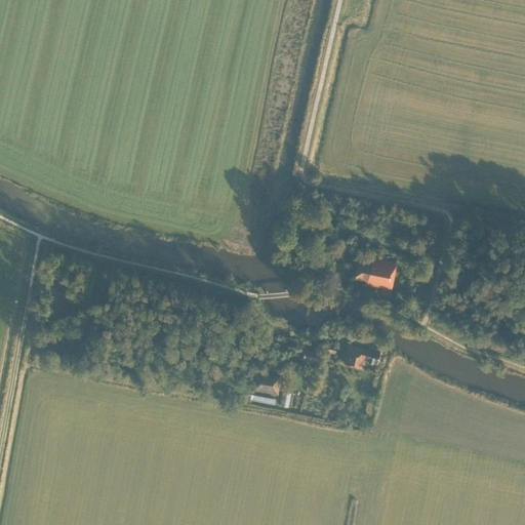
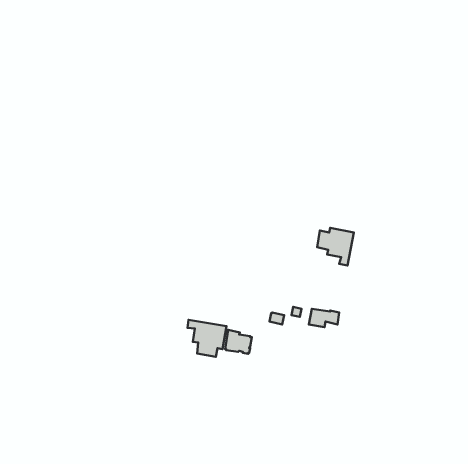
building: none -> [187,320,226,357]

